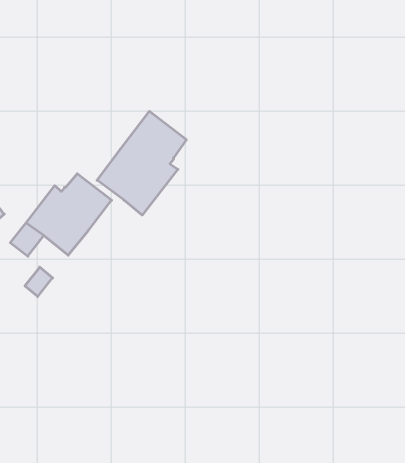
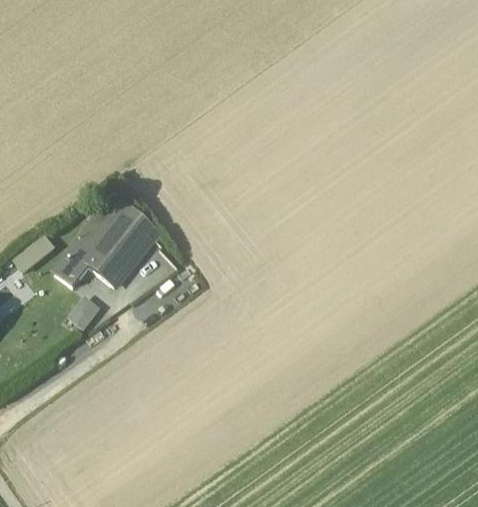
building: [97,111,186,215] -> none

